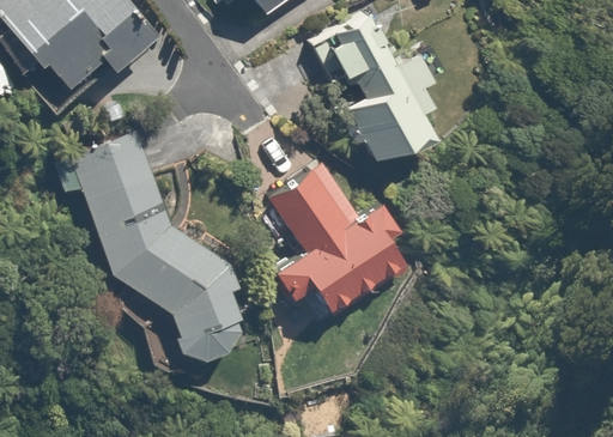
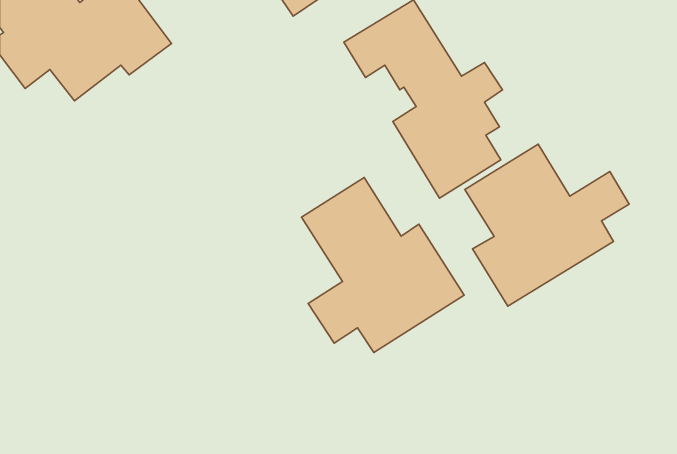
building: none -> [465,144,629,306]
building: [54,131,254,365] -> none

